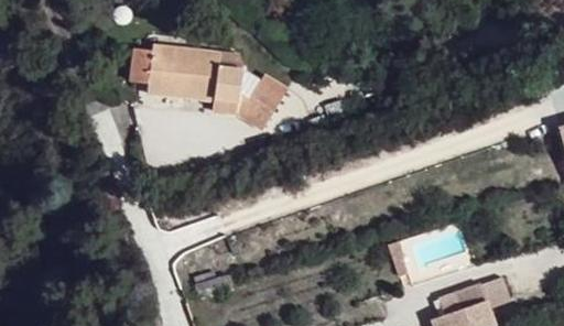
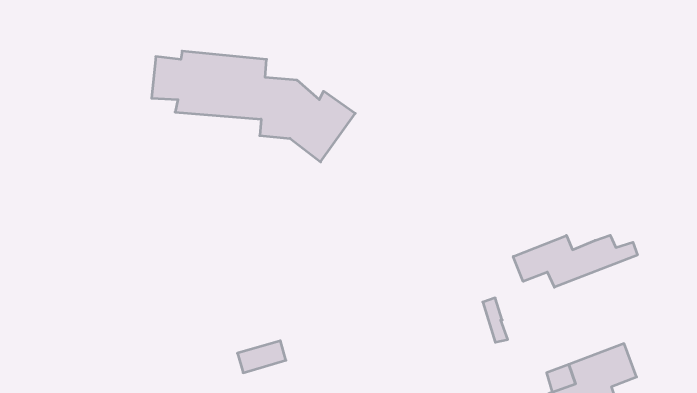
building: none -> [513,235,637,287]

